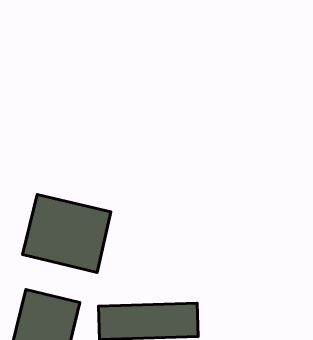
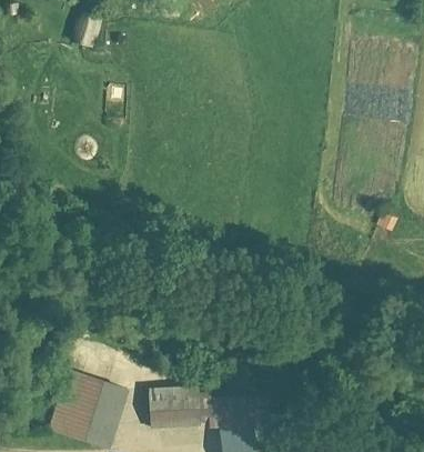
building: [22,194,111,272] -> none

